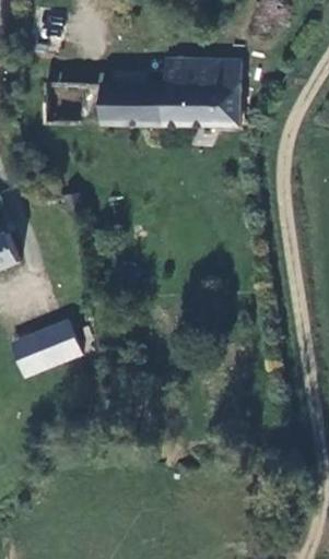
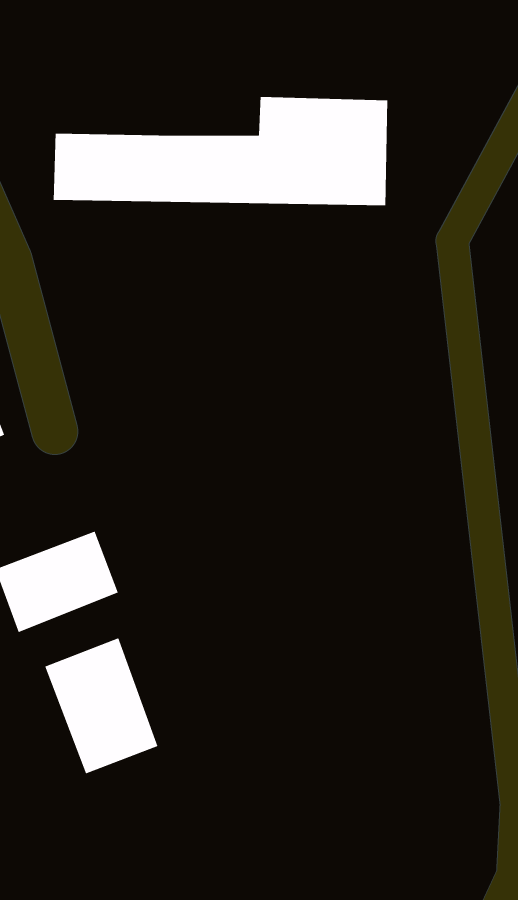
building: none -> [44,637,158,774]

